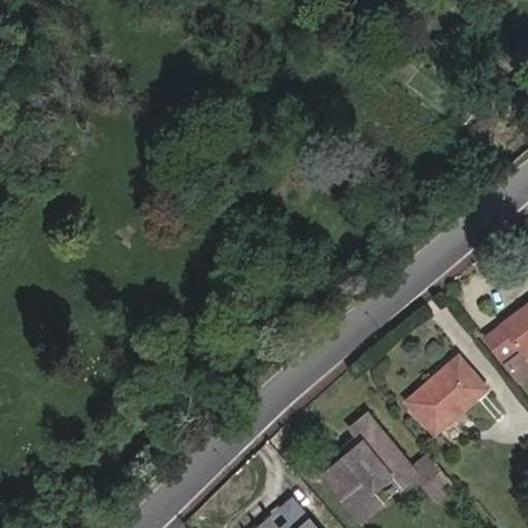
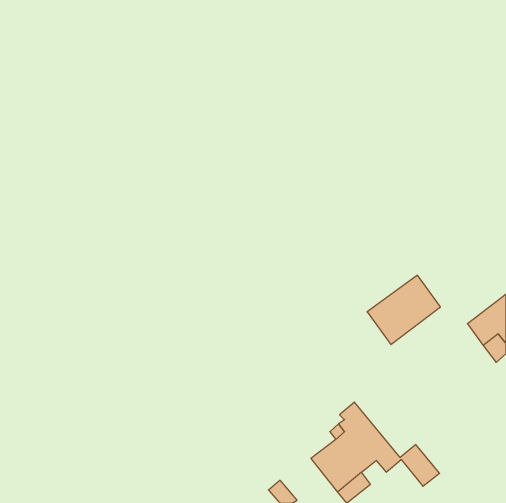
building: [409,357,486,429] -> [367,275,440,345]

